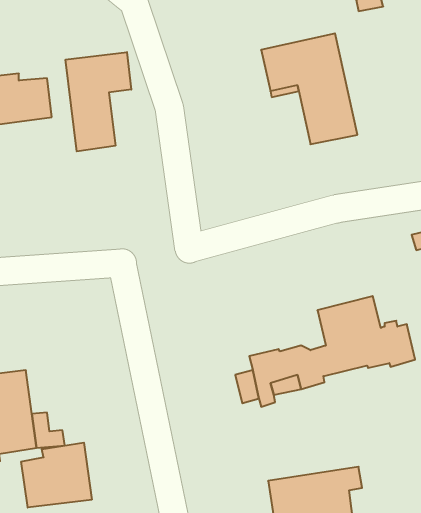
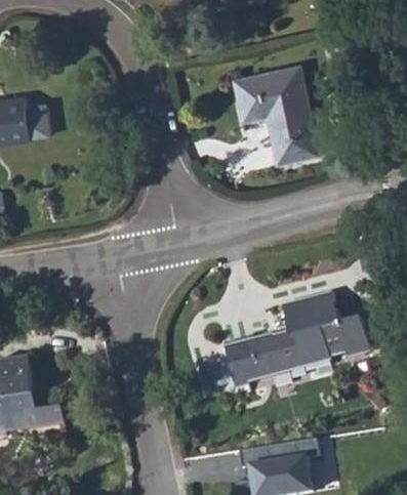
building: [66,52,131,151] -> none
building: [21,443,92,508] -> none

